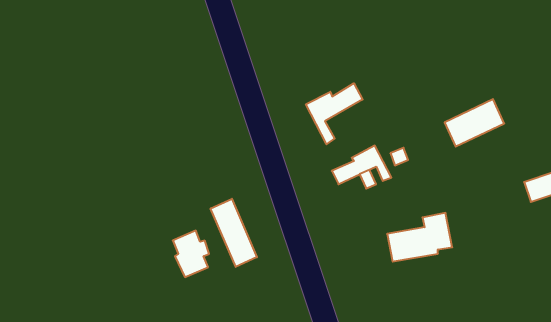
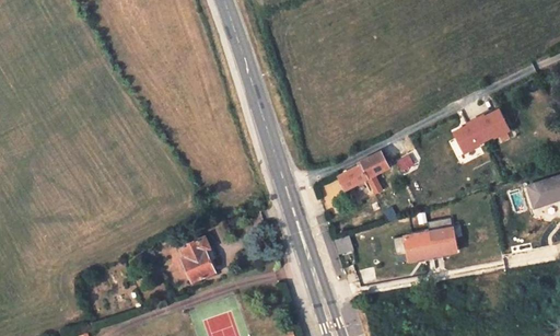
building: [306,83,363,144] -> none
building: [211,199,257,267] -> none

